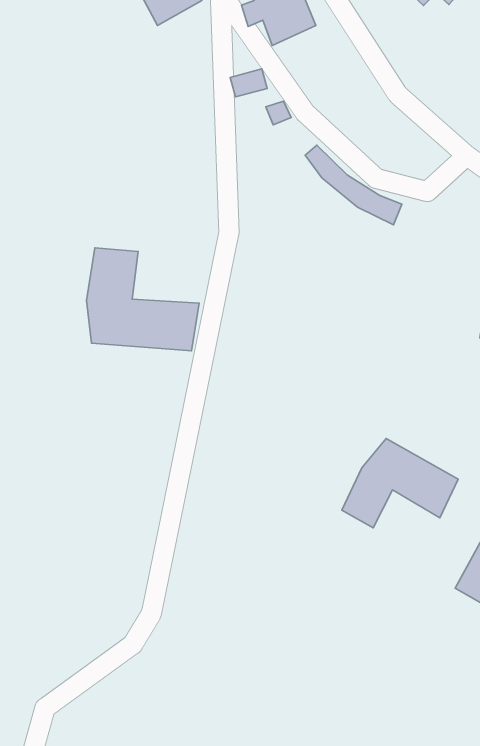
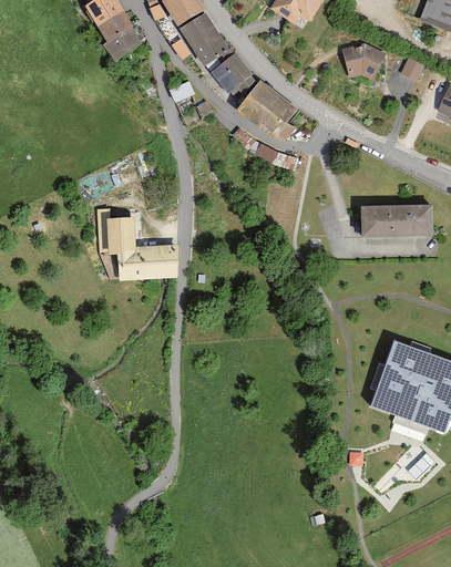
building: none -> [213,52,254,92]
building: none -> [238,80,298,137]
building: [342,438,458,528] -> none

